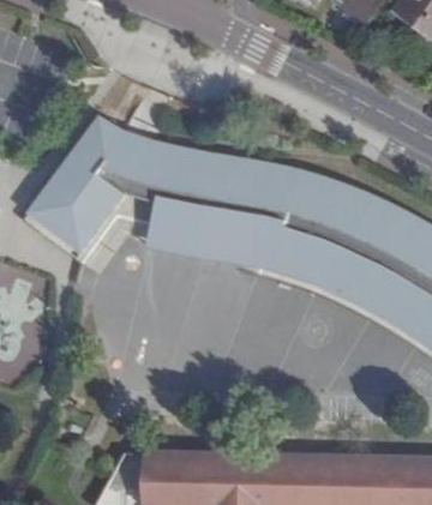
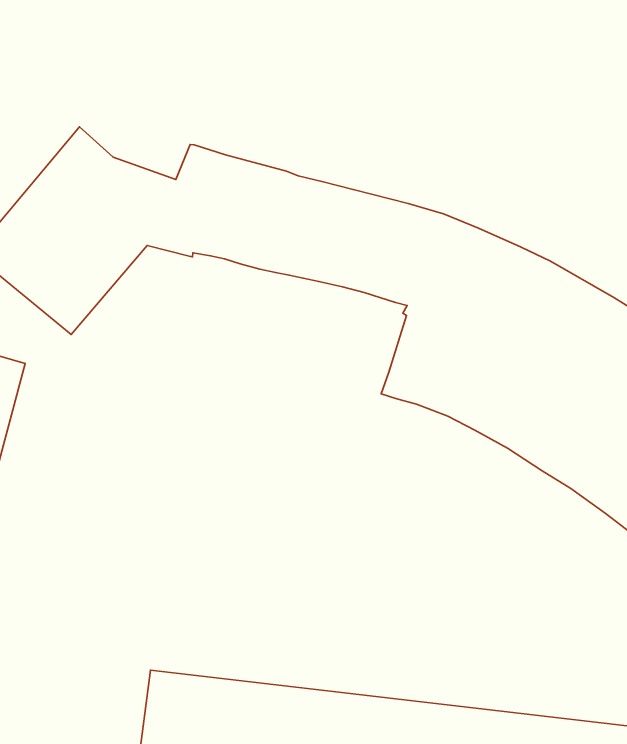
building: [77,110,144,157] -> none
building: [138,200,281,277] -> none

